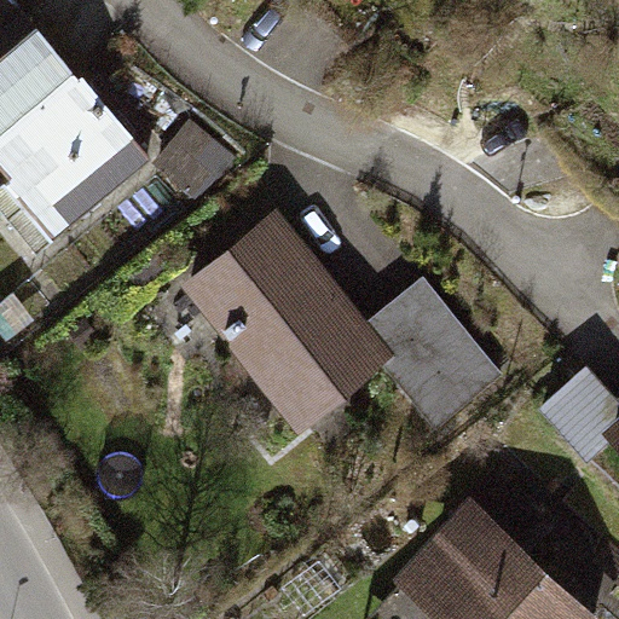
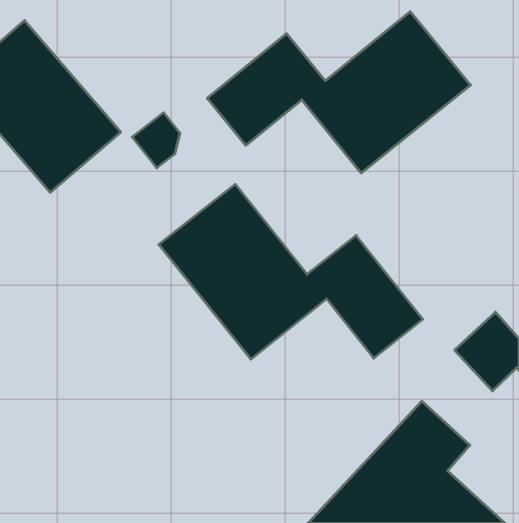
building: none -> [207,12,471,173]

